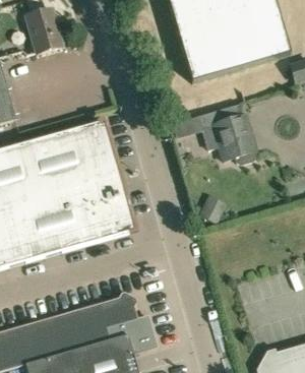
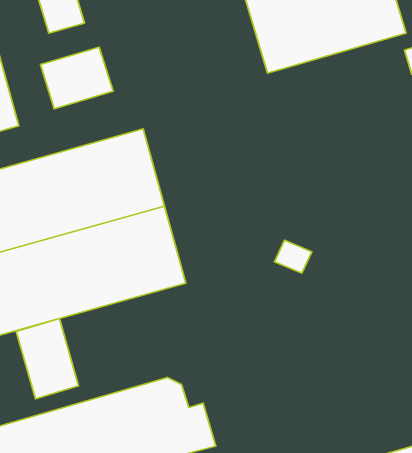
building: none -> [40,47,113,109]
building: [197,103,256,165] -> none
building: none -> [16,319,78,399]

